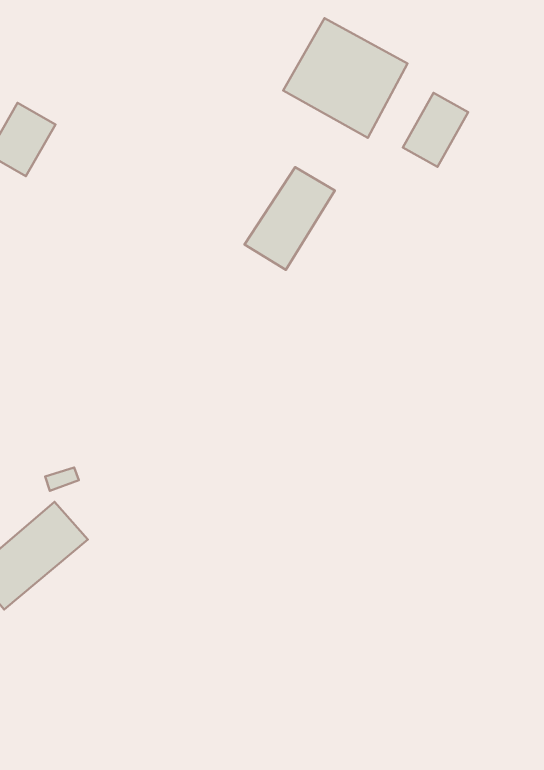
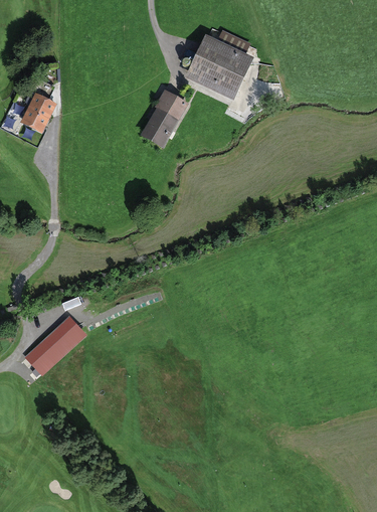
building: [403,93,468,167] -> none
building: [245,167,335,270] -> [139,90,188,148]

